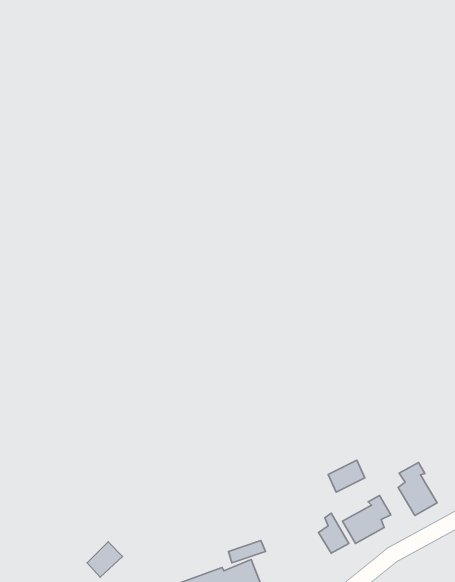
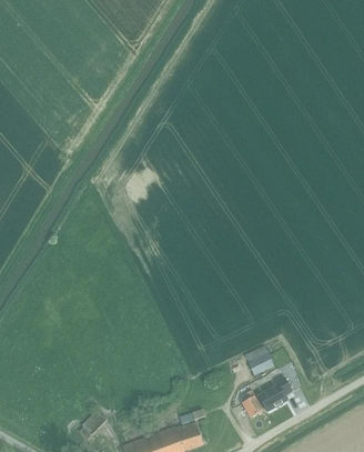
building: [398,462,437,516] -> none

